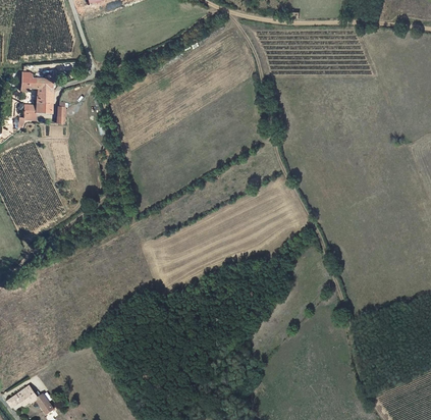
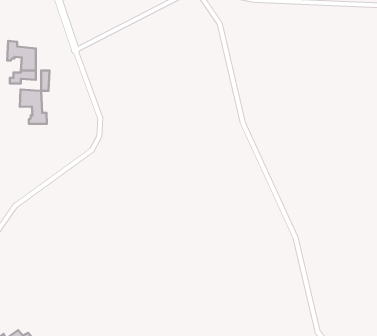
building: none -> [20,90,47,124]

